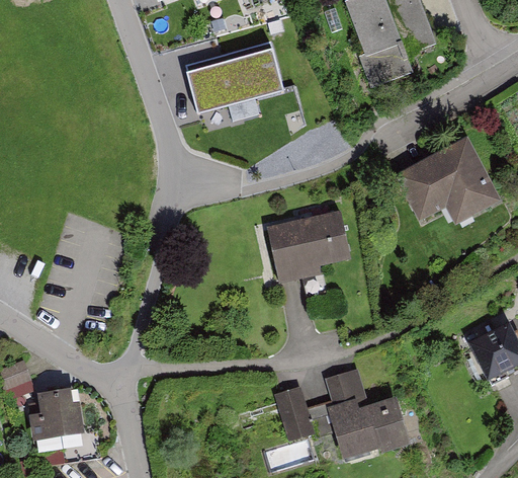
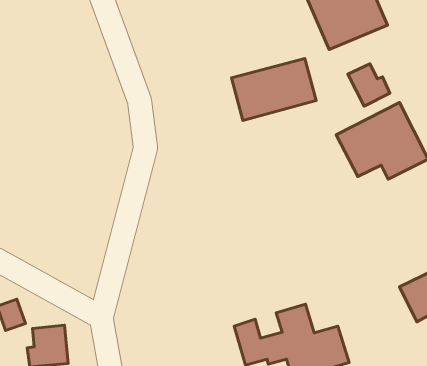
building: [181,47,279,118] -> [232,59,316,120]
building: none -> [348,64,390,106]
building: [266,209,351,282] -> none

